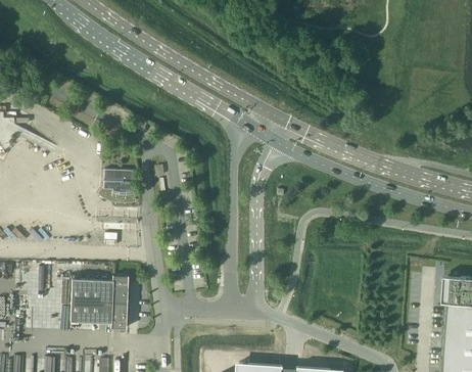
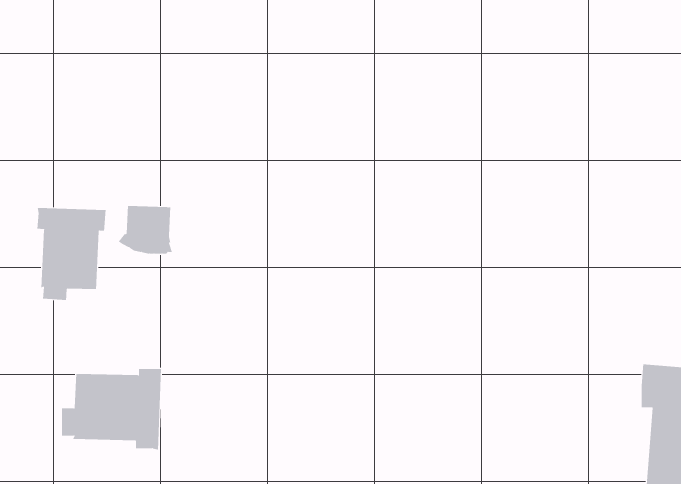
building: none -> [37,207,106,301]

